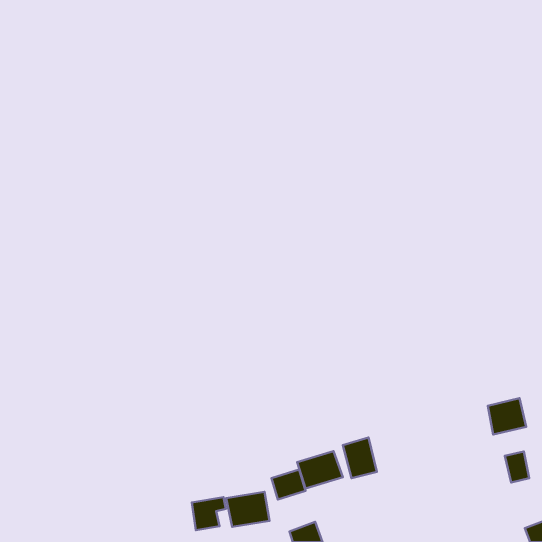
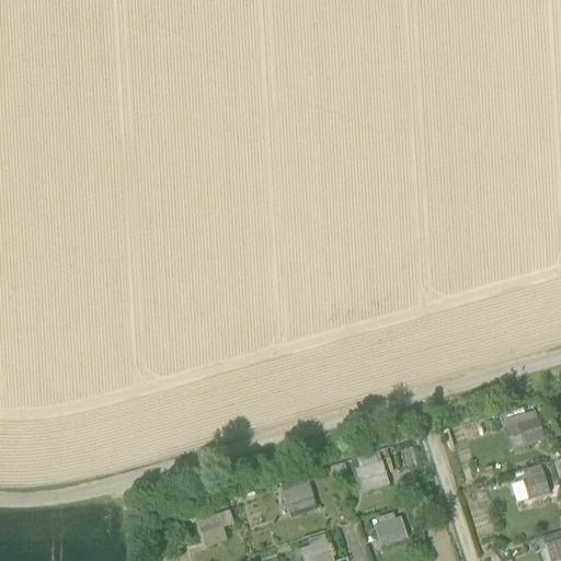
building: [297,451,343,489] -> none
building: [226,492,269,527] -> none
building: none -> [371,510,407,541]

